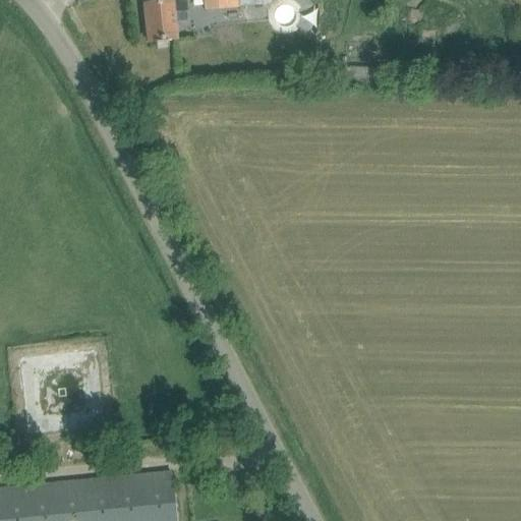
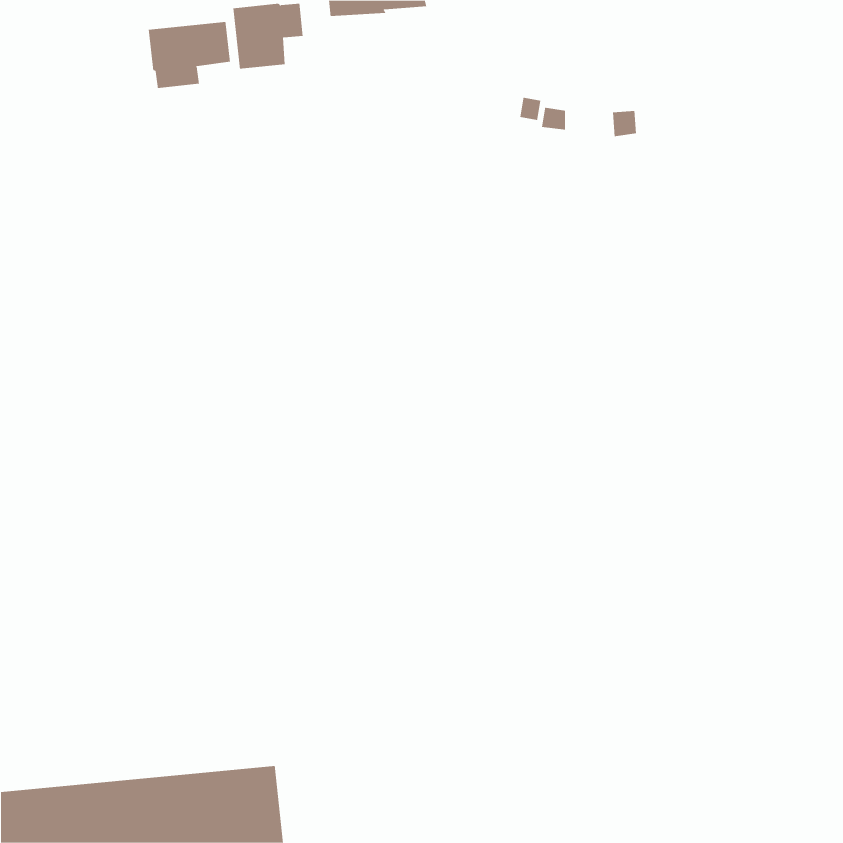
building: none -> [148,21,230,89]

